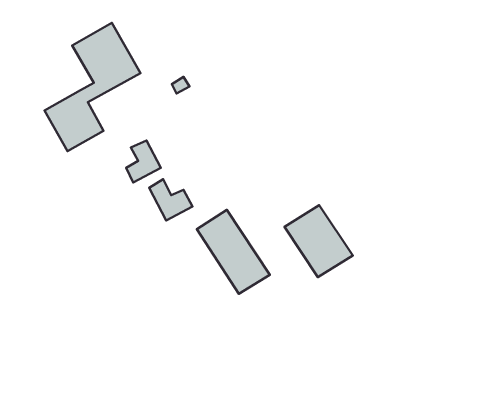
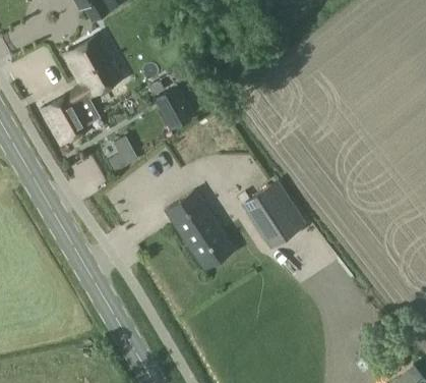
building: none -> [154,86,194,128]
building: [149,179,193,220] -> none

